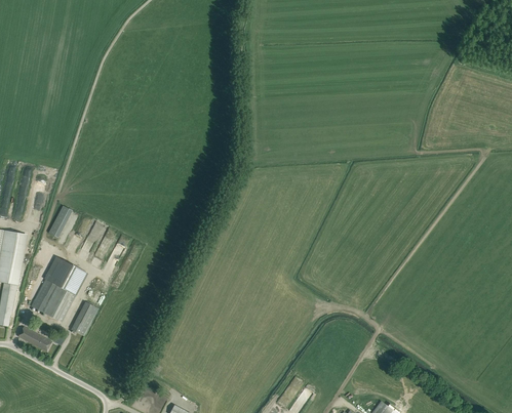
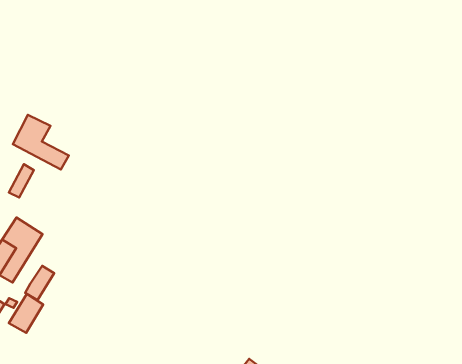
building: none -> [13,115,69,169]
building: none -> [9,294,43,333]

